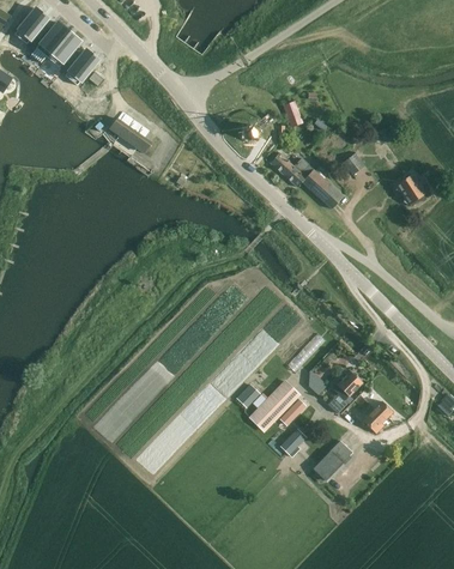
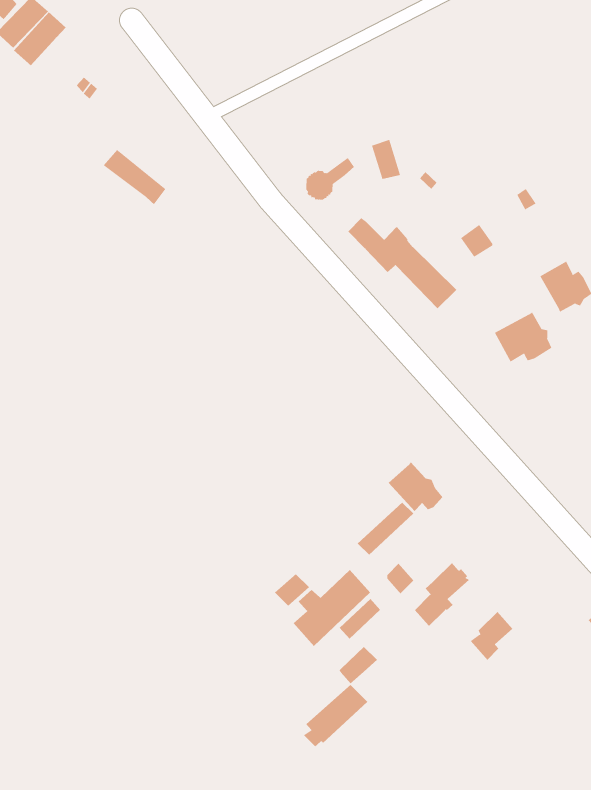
building: [65,49,98,85] -> none
building: none -> [494,311,552,363]
building: none -> [388,462,443,512]
building: [311,441,352,483] -> [303,684,368,747]

